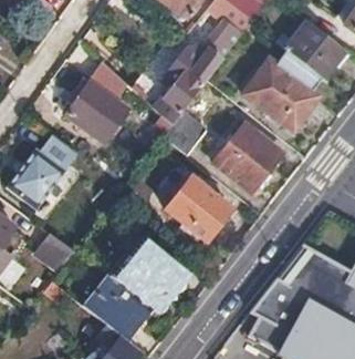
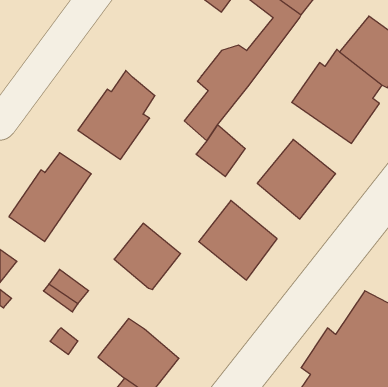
building: [123,250,178,306] -> [114,223,181,290]

